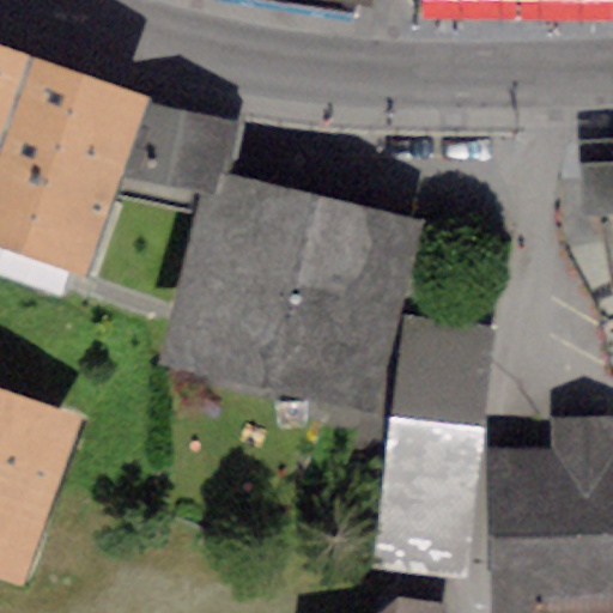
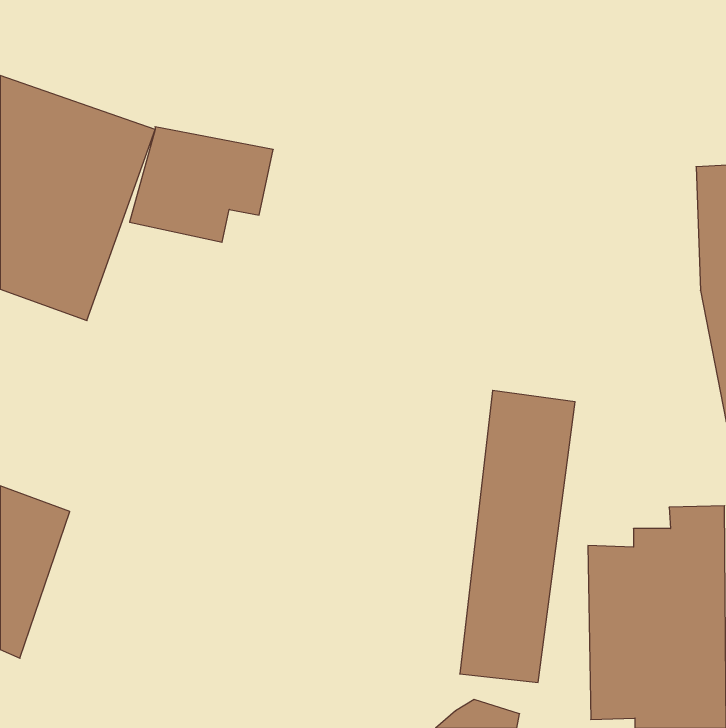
building: [188,189,406,384] -> none

